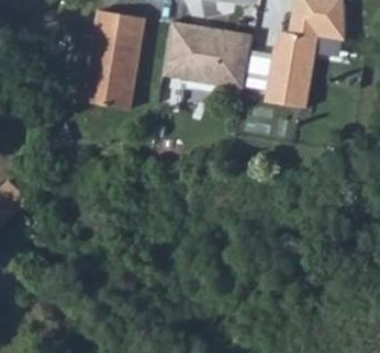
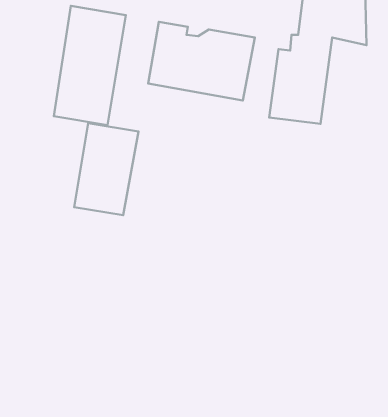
building: none -> [74,123,139,215]

